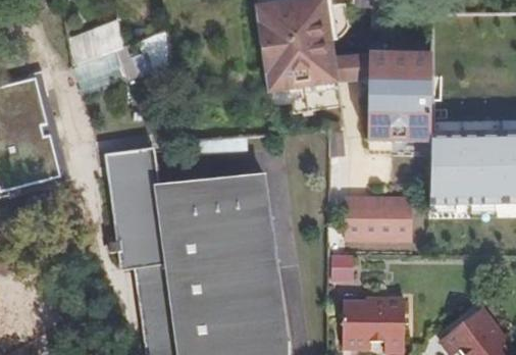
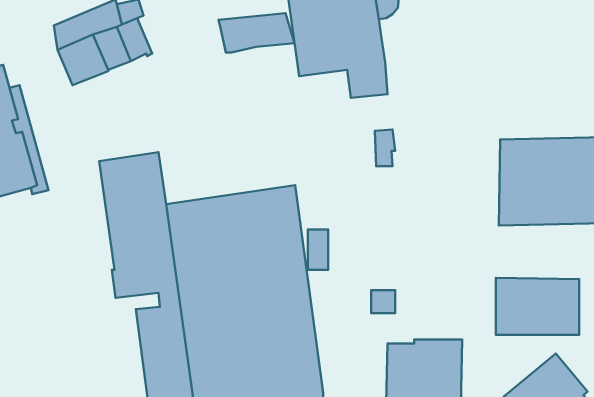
building: none -> [219,13,294,53]
building: [336,51,432,132] -> none
building: [340,196,407,242] -> [496,278,579,335]

